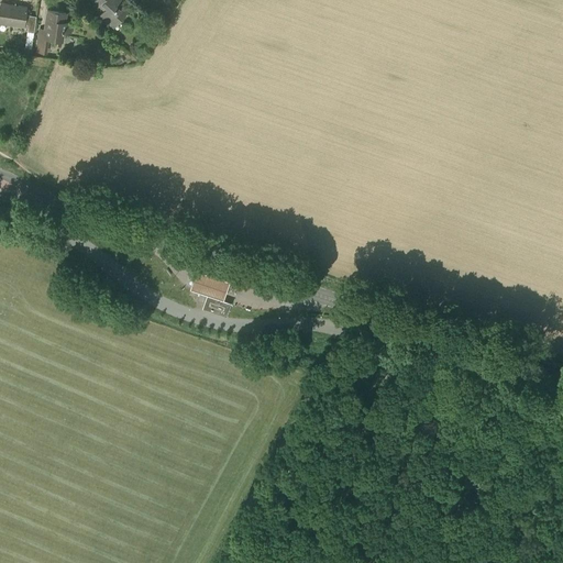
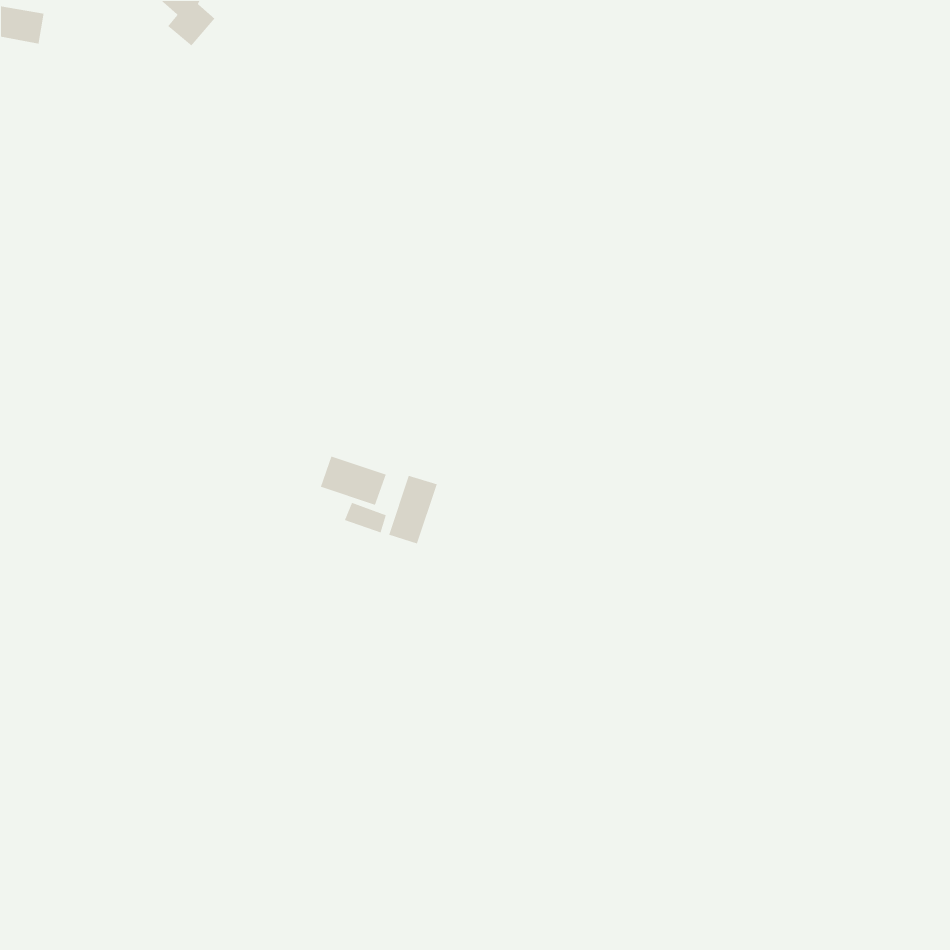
building: [37,10,71,46] -> none
building: none -> [388,475,438,544]

